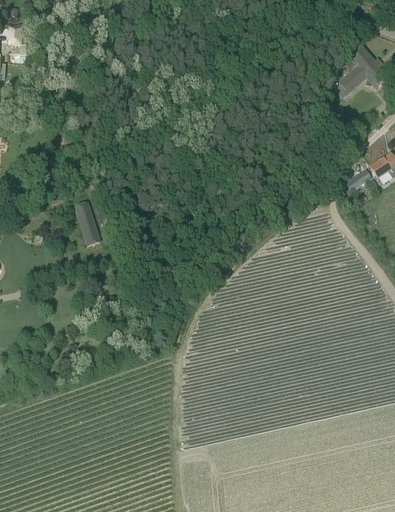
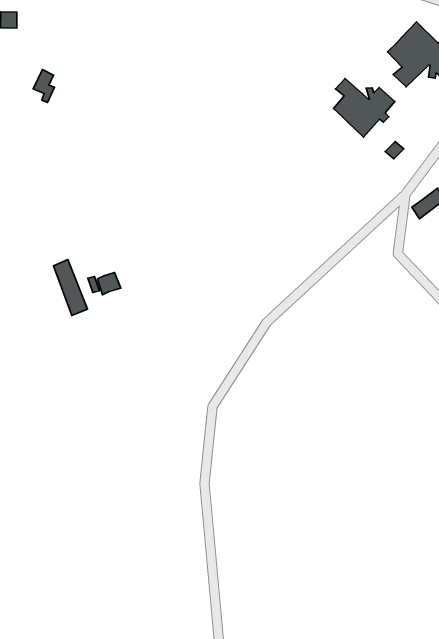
building: none -> [334,79,395,137]

